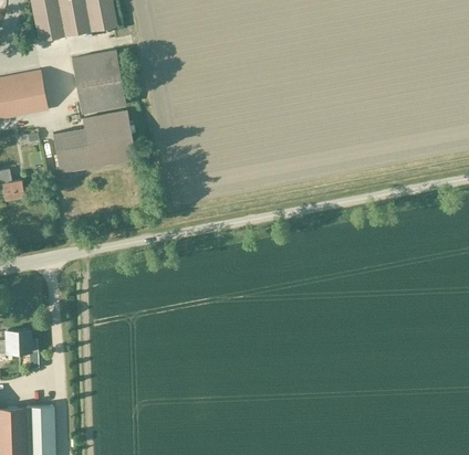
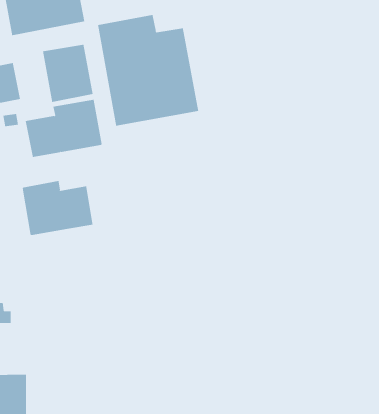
building: none -> [98,14,199,126]
building: none -> [22,180,93,236]

